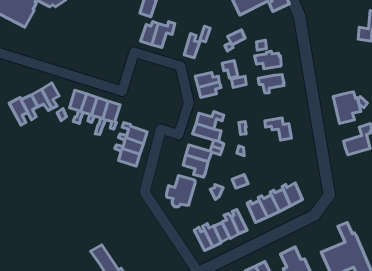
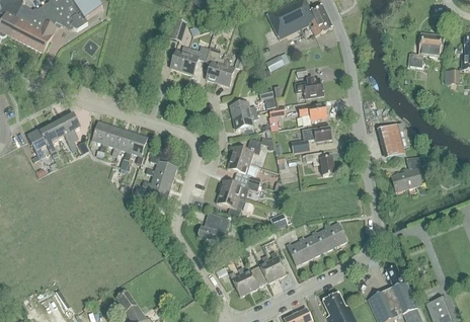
building: none -> [205,47,224,82]
building: none -> [291,126,330,152]

